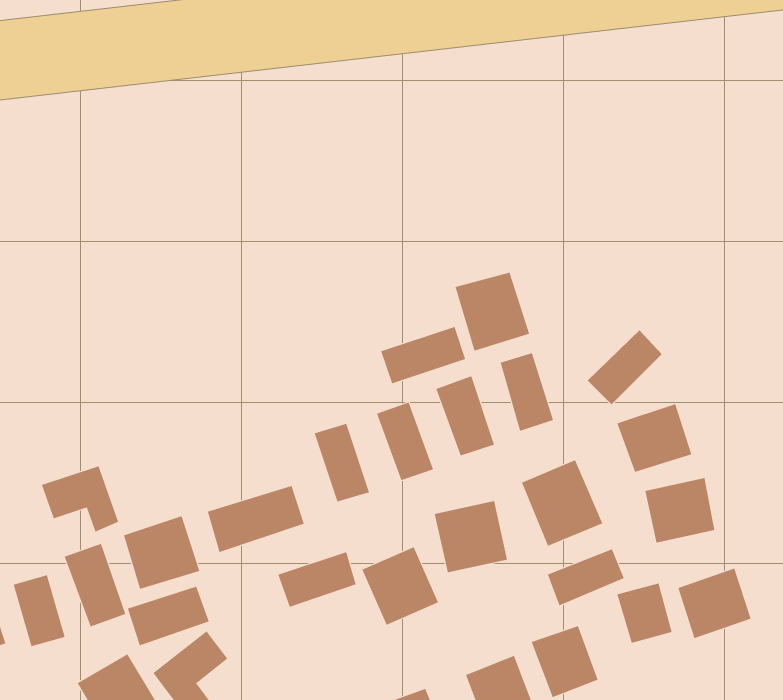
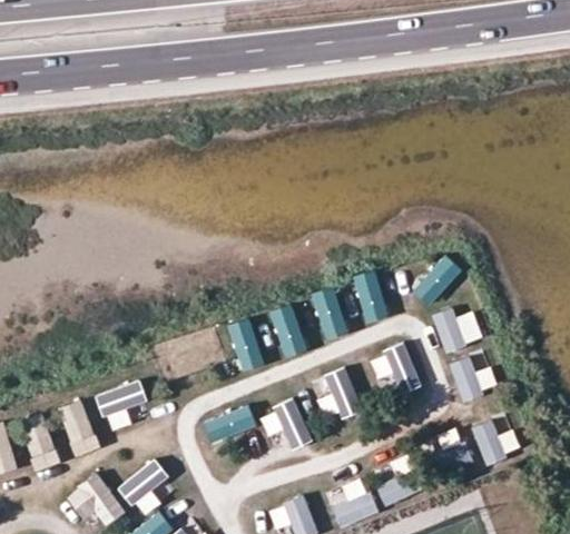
building: [455,272,530,351] -> none
building: [380,326,466,384] -> none
building: [41,466,119,533] -> none
building: [207,485,305,553] -> none
building: [547,549,625,606] -> none
building: [127,586,210,646] -> none

